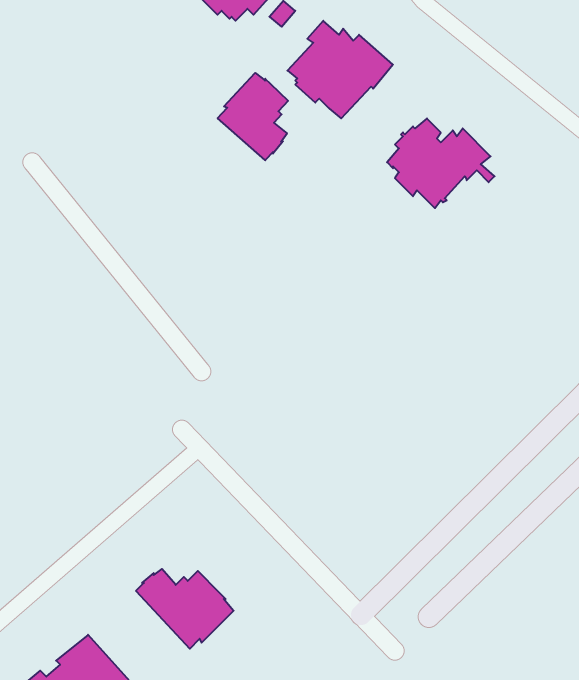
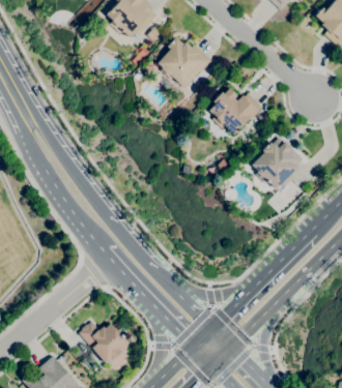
building: [218,73,288,160] -> none
building: none -> [252,138,304,189]

